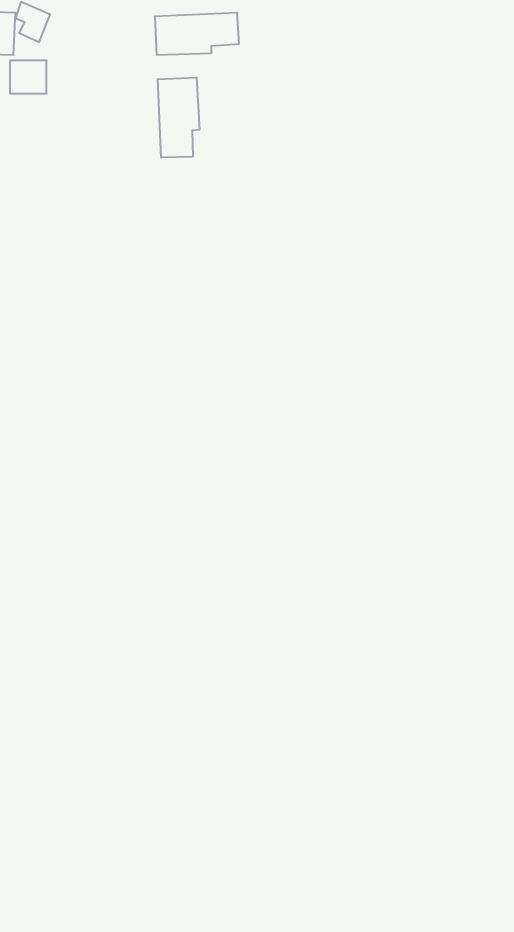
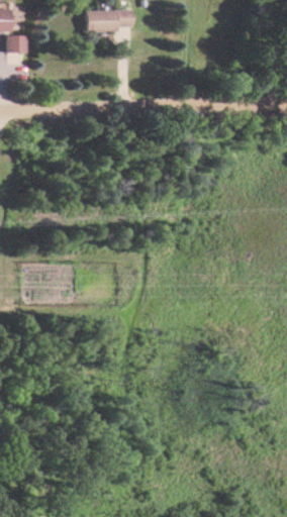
building: [158,77,200,158] -> none

